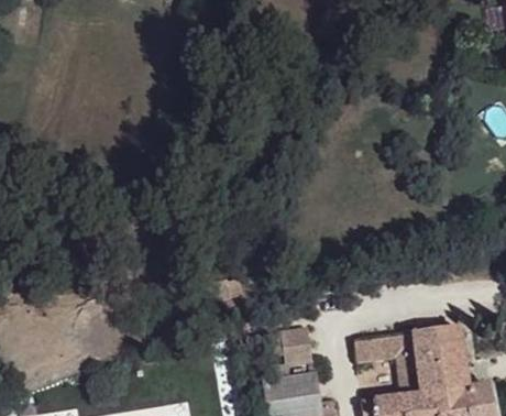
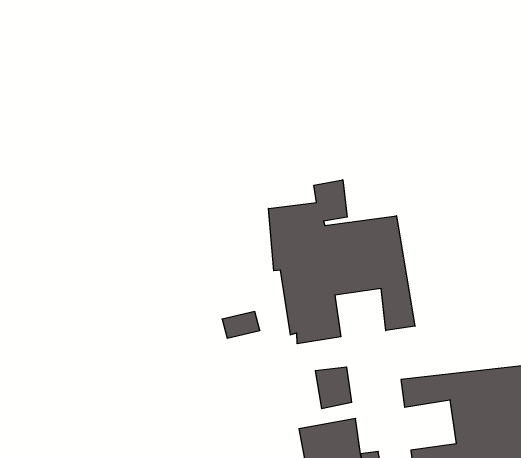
building: none -> [269,180,415,344]

